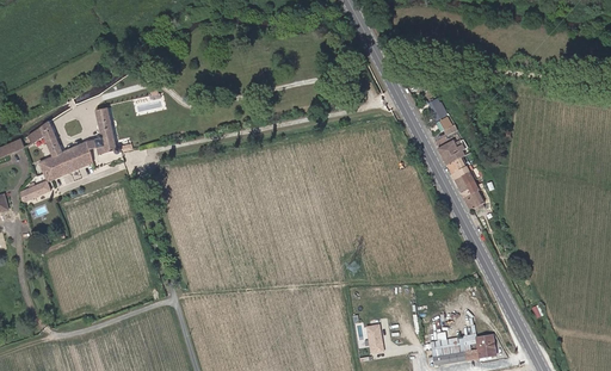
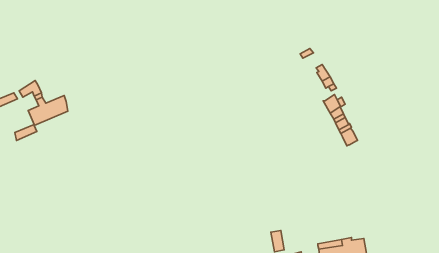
building: [97,107,122,154] -> none

